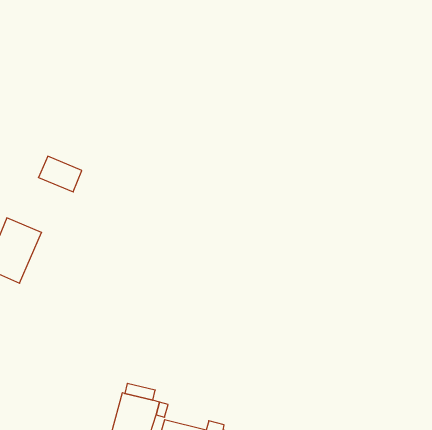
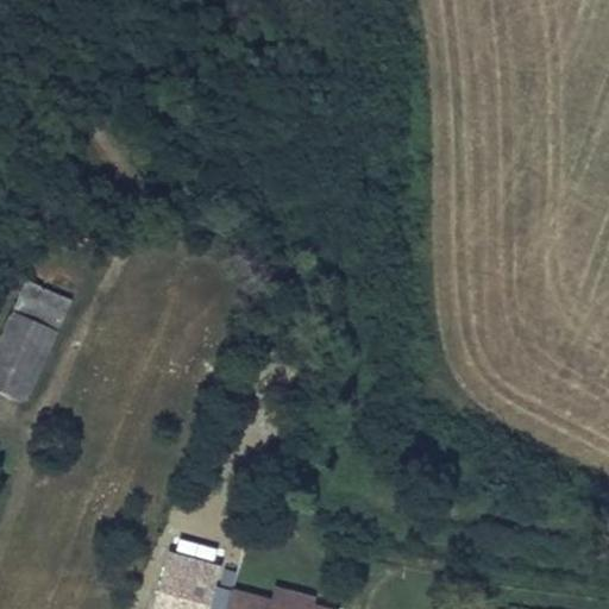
building: [38,156,82,192] -> [10,281,70,331]

